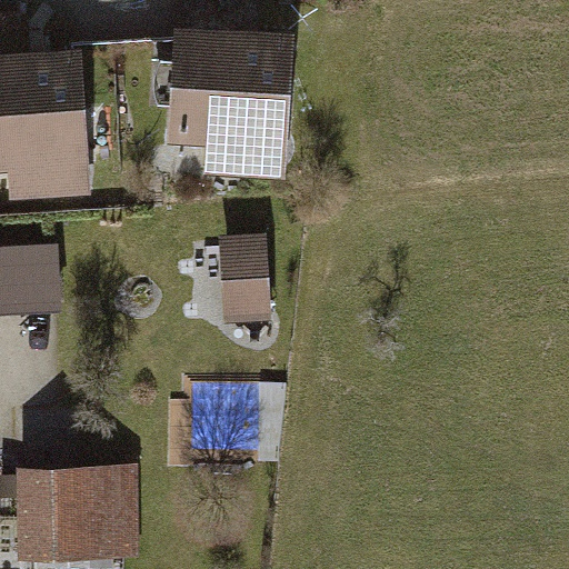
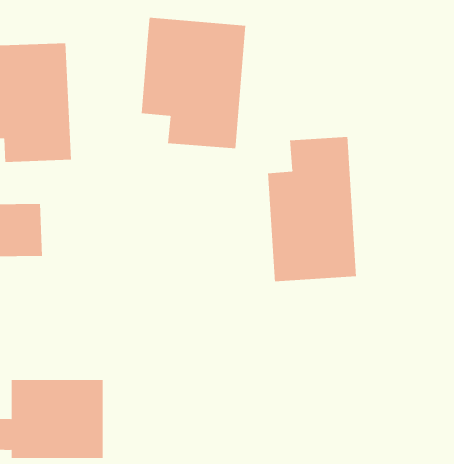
building: none -> [267,136,357,282]
building: [213,233,266,325] -> none

